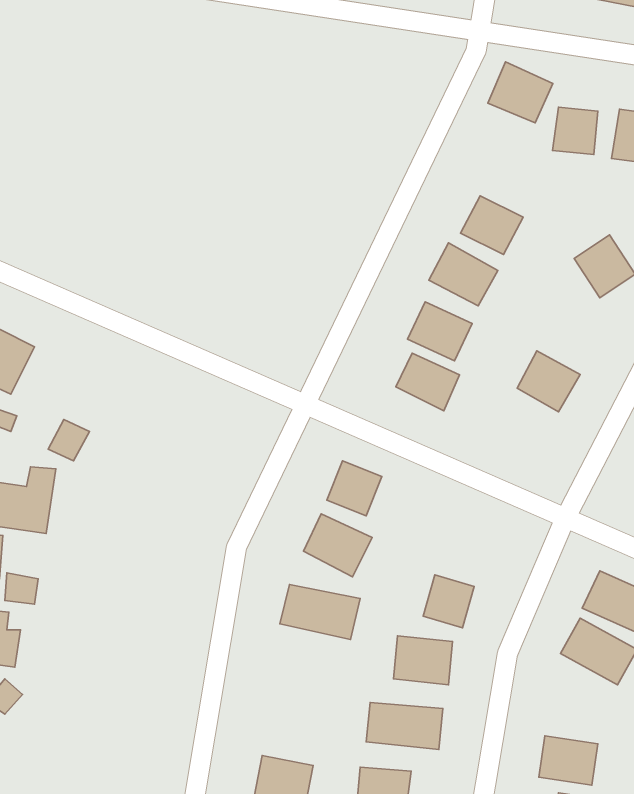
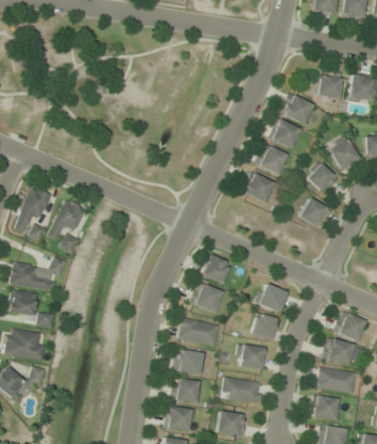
building: [488,62,553,123] -> [279,93,313,124]
building: none -> [308,164,338,194]
building: [396,353,459,411] -> none
building: none -> [47,200,86,242]
building: none -> [258,285,288,312]
building: none -> [174,349,202,374]
building: none -> [317,368,355,393]
building: none -> [172,381,200,402]

